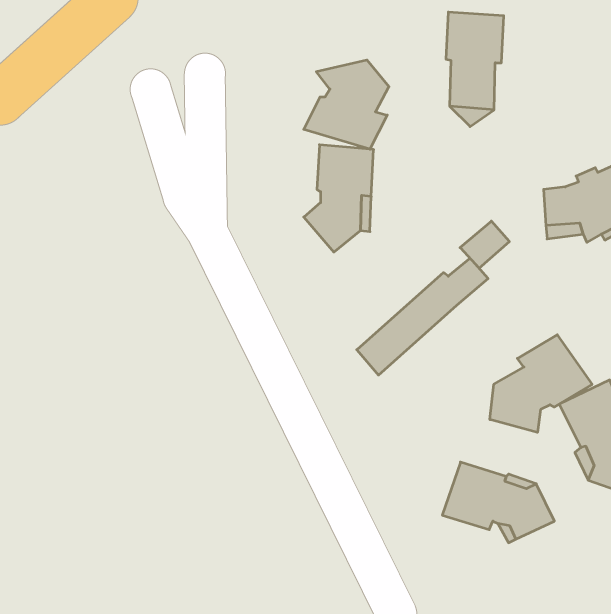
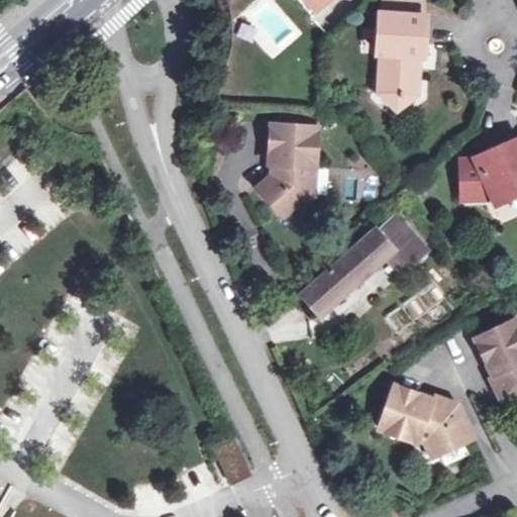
building: [304,60,389,149] -> none
building: [460,221,509,268] -> [387,233,428,273]
building: [490,335,592,432] -> none

